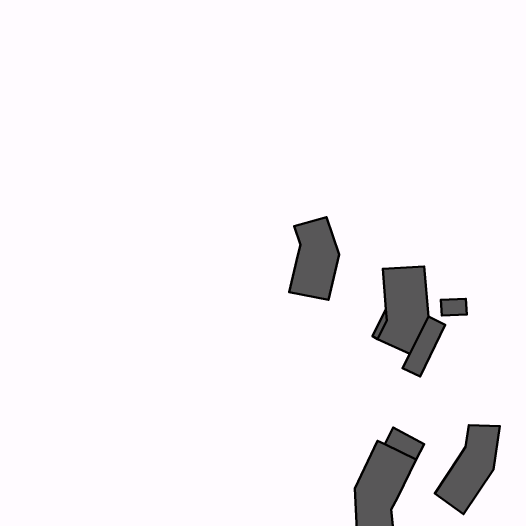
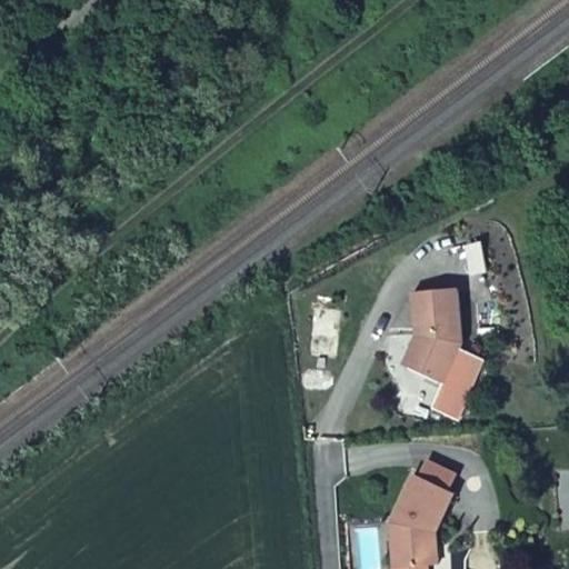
building: [289,217,339,300] -> none
building: [435,425,500,514] -> none

